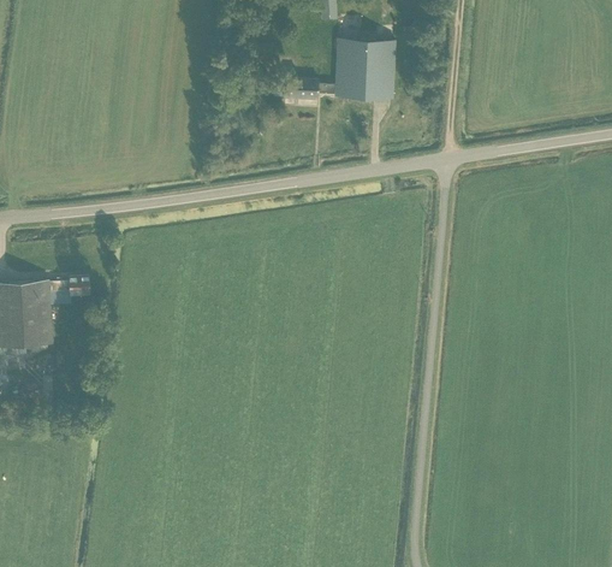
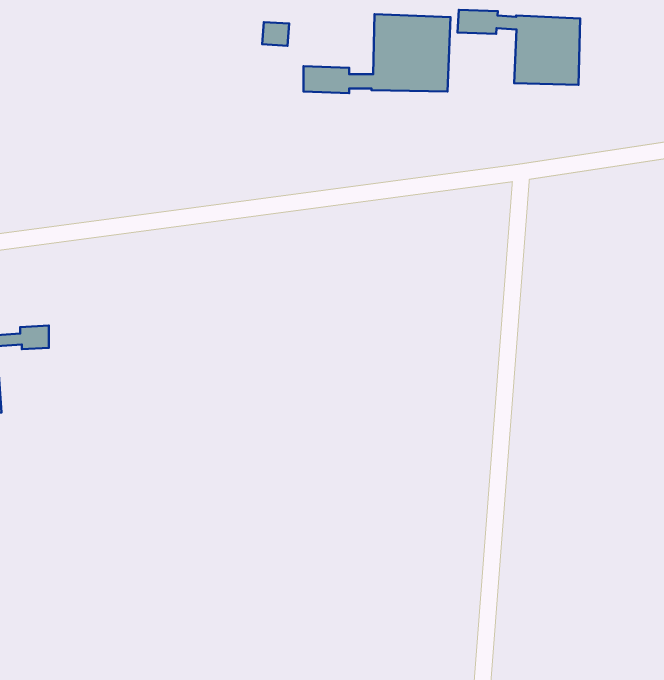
building: none -> [457,10,580,85]

